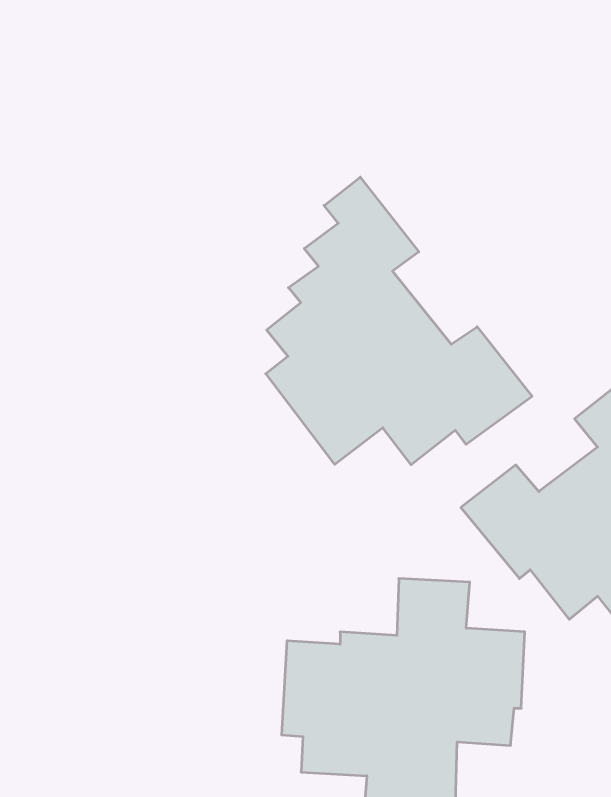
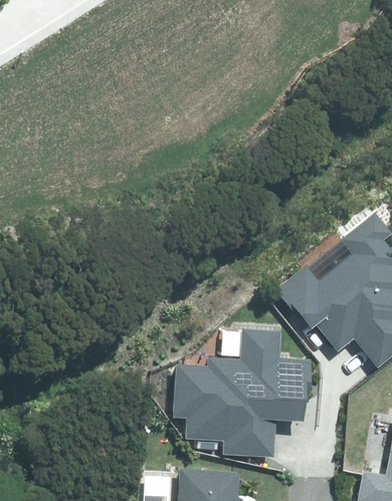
building: [266,177,532,465] -> none

